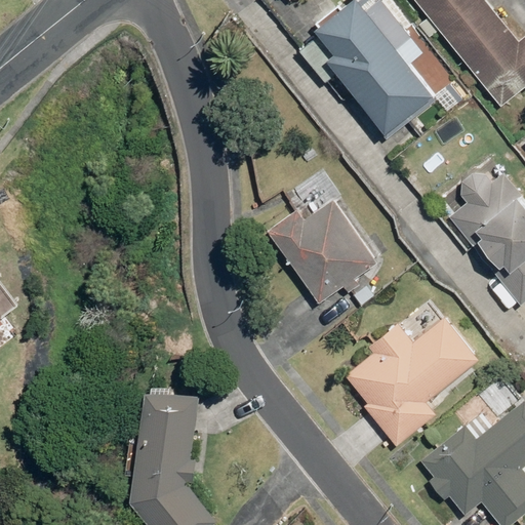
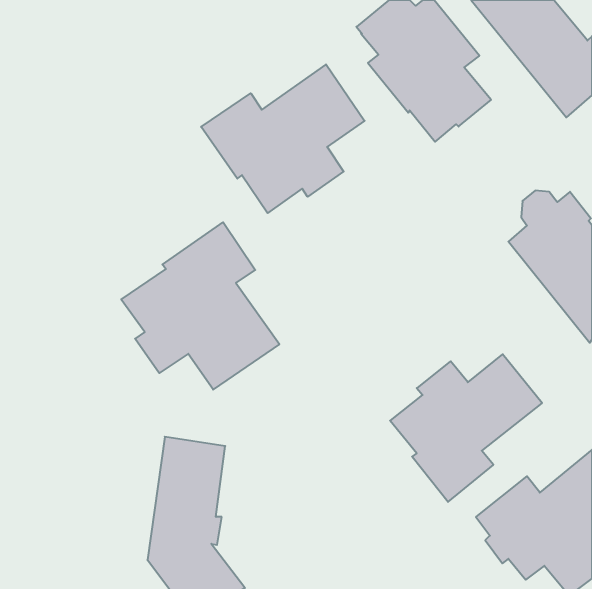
building: none -> [201,64,365,213]
building: [267,200,377,304] -> none
building: none -> [121,222,279,390]

